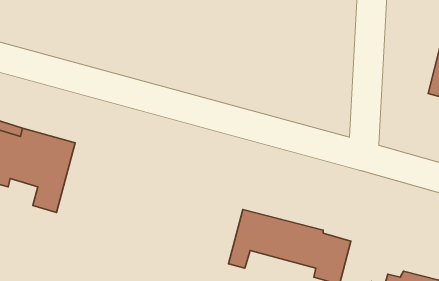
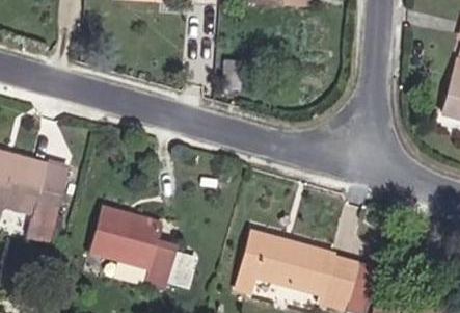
building: none -> [93,208,201,292]

